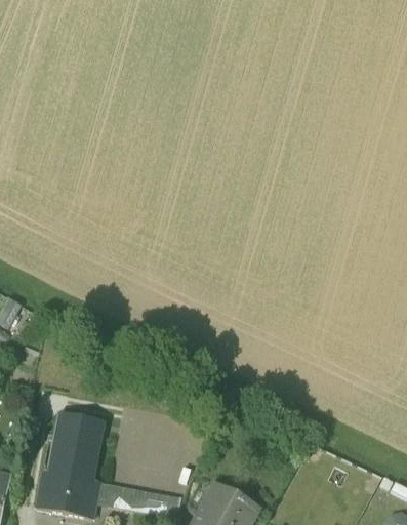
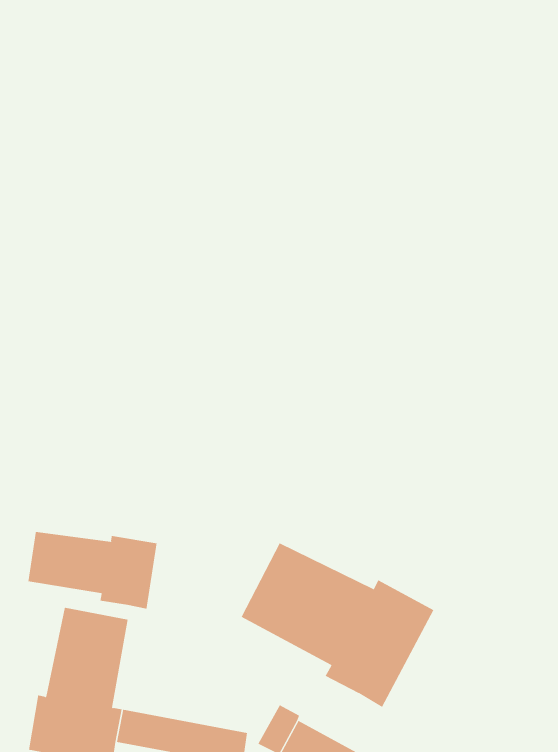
building: none -> [28,531,157,609]
building: none -> [241,542,434,708]

